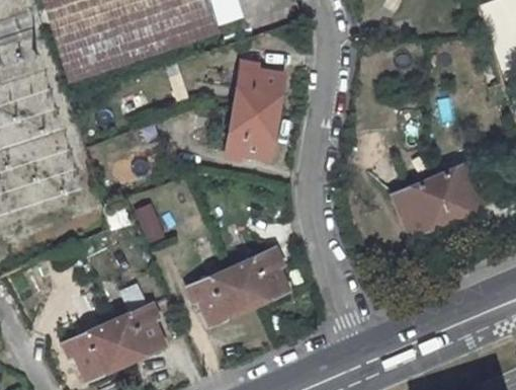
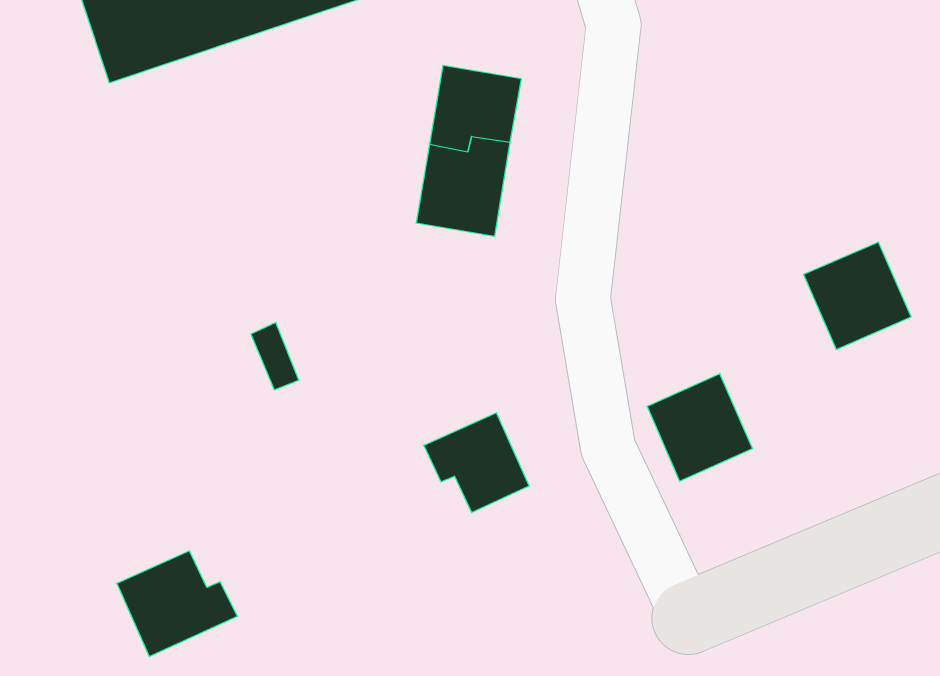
building: [395,177,450,234] -> [647,374,753,481]
building: [194,267,258,323] -> none
building: [109,306,165,358] -> none

